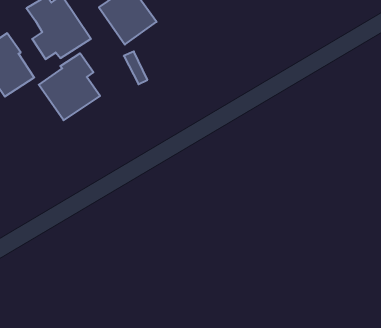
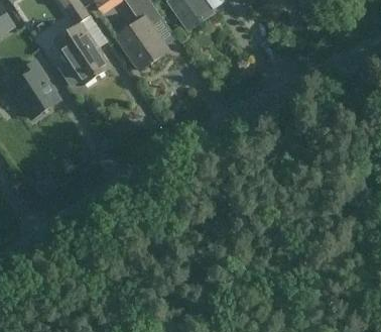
building: [39,53,100,120] -> none

